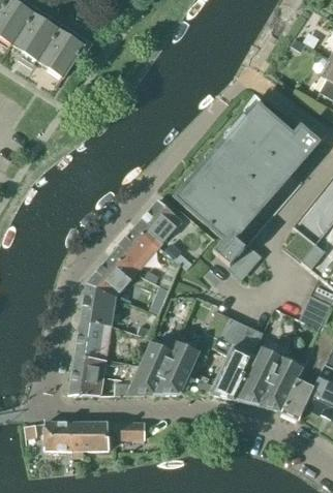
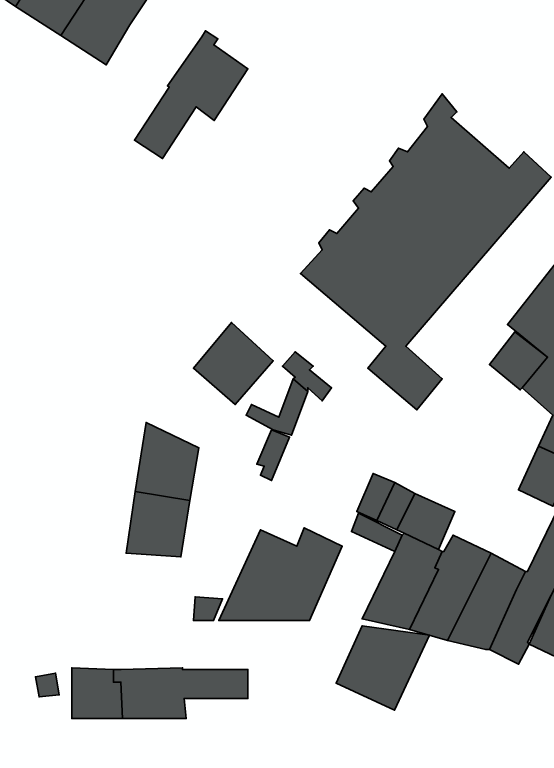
building: none -> [135,31,248,158]
building: [135,199,182,247] -> none
building: [87,251,138,297] -> none
building: [69,357,107,396] -> none
building: none -> [336,626,430,710]

